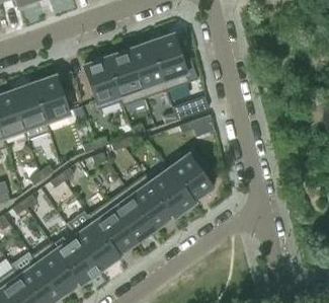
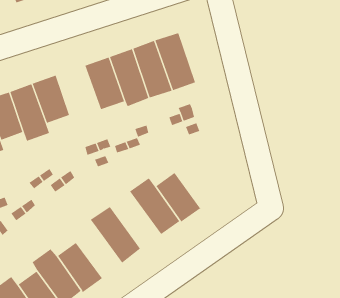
building: [166,151,213,203] -> none
building: [107,187,156,242] -> none
building: [73,219,118,271] -> none

